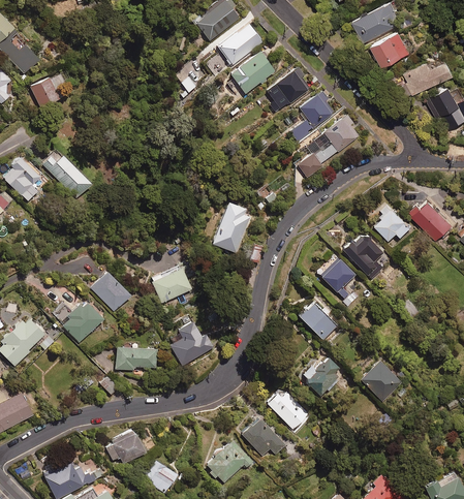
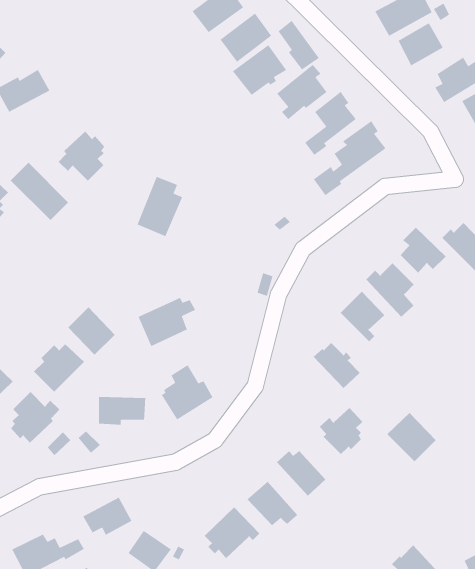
building: none -> [278,20,320,71]
building: none -> [58,131,105,182]
building: [212,200,251,252] -> [136,176,183,237]
building: none -> [10,391,60,443]

